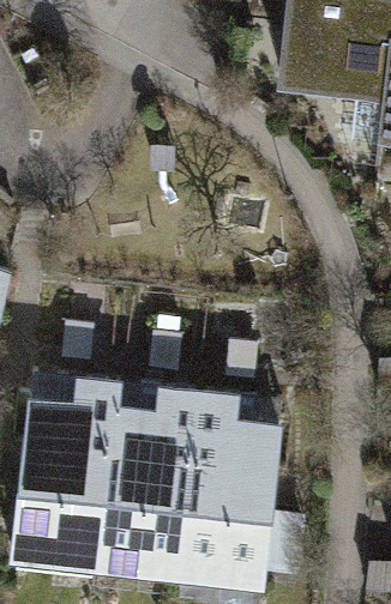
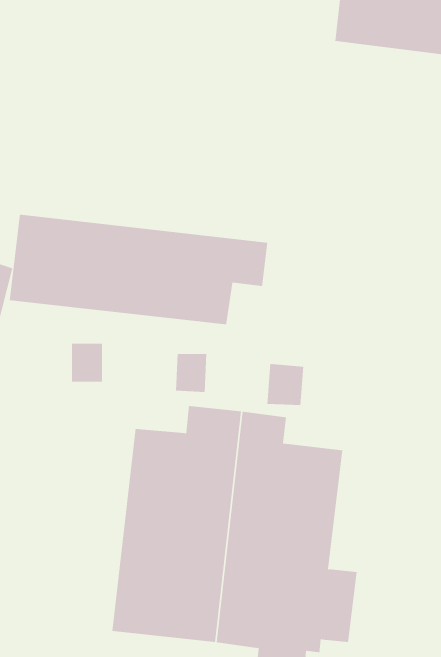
building: none -> [9,214,268,325]
building: [8,380,118,574] -> none

